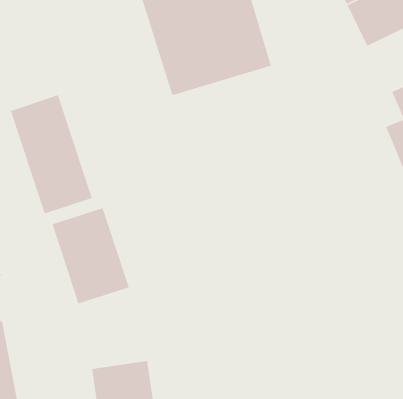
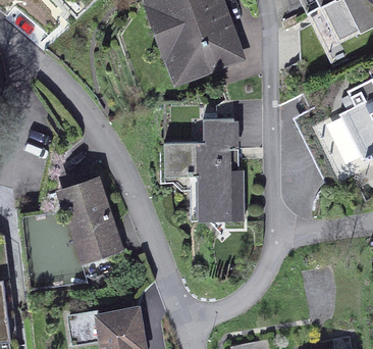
building: [10,94,93,215] -> none
building: none -> [153,119,249,225]

